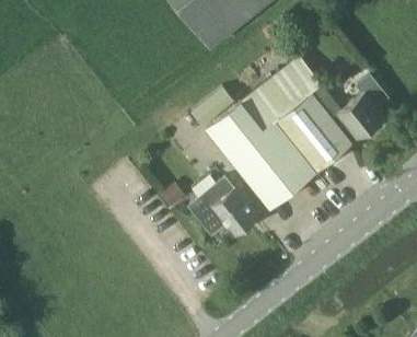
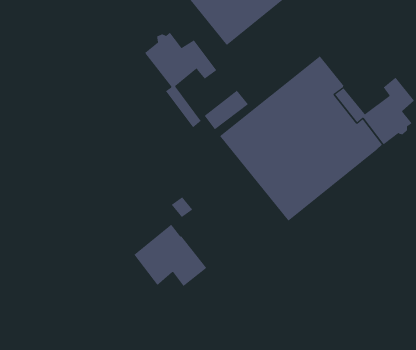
building: none -> [145,32,217,128]
building: [187,178,255,236] -> [134,224,207,287]

